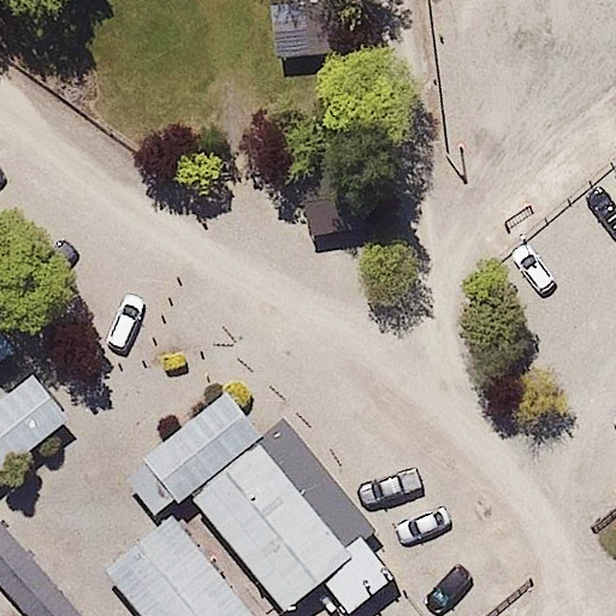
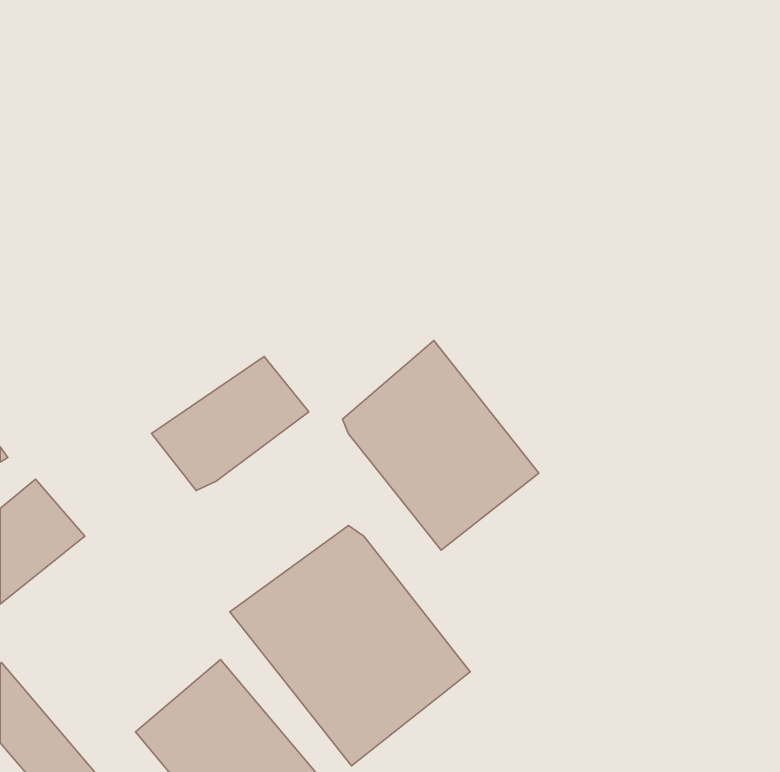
building: none -> [342,340,539,550]
building: [135,392,257,497] -> [152,356,309,491]

